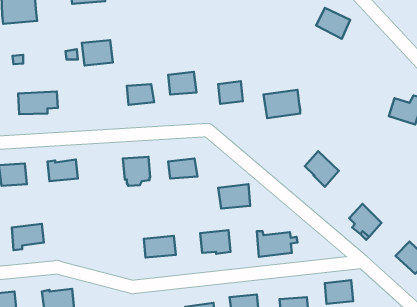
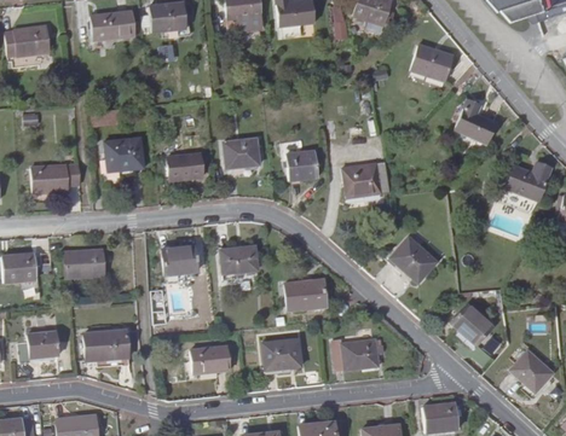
building: [82,40,113,65] -> [103,135,143,168]
building: none -> [458,104,501,150]
building: none -> [85,327,126,365]

